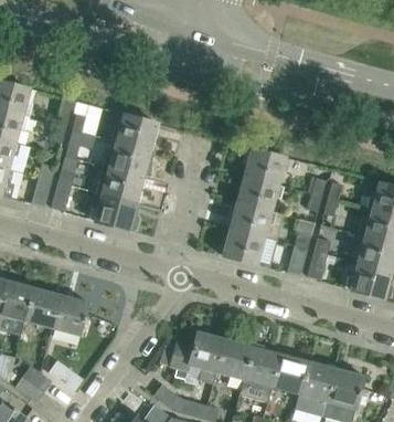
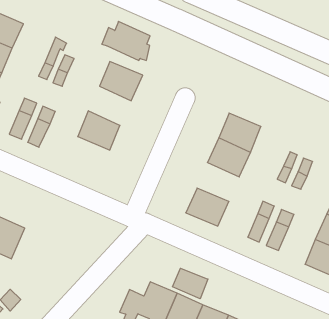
building: [103,140,151,177] -> [102,21,150,60]
building: [94,194,139,231] -> none
building: [230,201,270,238] -> none
building: [53,295,89,335] -> none
building: none -> [172,268,208,299]

